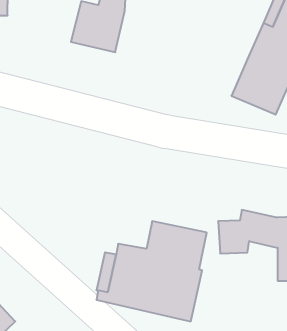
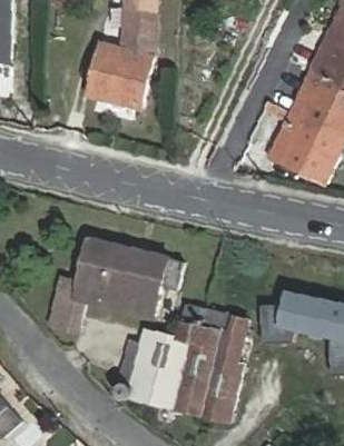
building: none -> [47,239,180,330]

